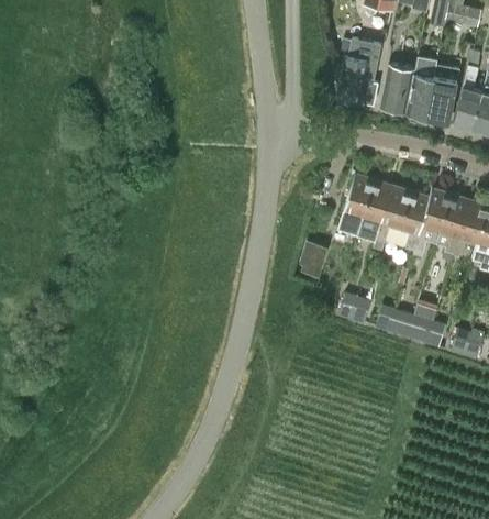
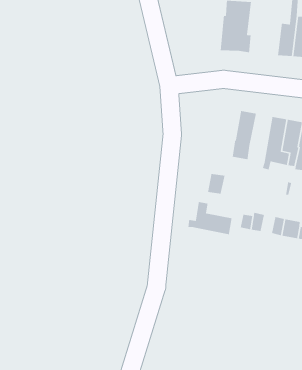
building: [381,64,415,112] -> none
building: [363,179,392,240] -> none
building: none -> [187,201,233,235]

